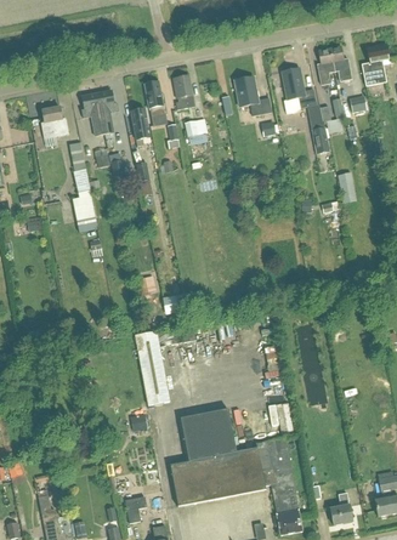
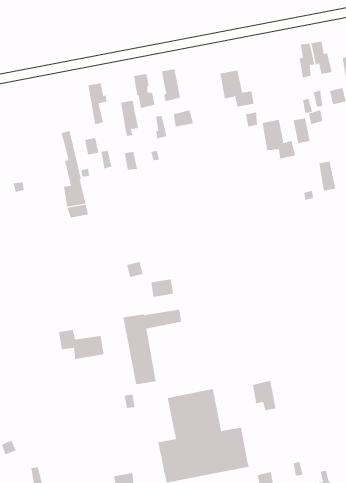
building: [282,67,317,108] -> [262,119,296,159]
building: [81,92,104,135] -> none
building: [41,106,68,137] -> none
building: none -> [59,329,104,360]
building: [256,437,296,498] -> none

